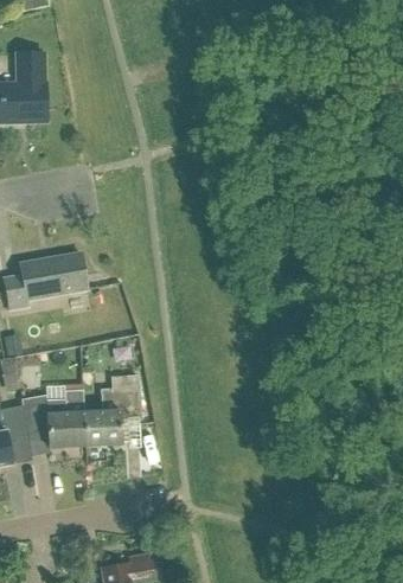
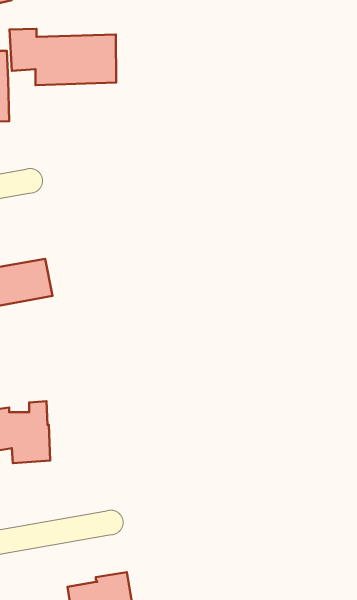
building: none -> [10,29,116,85]
building: [84,373,142,446] -> none

